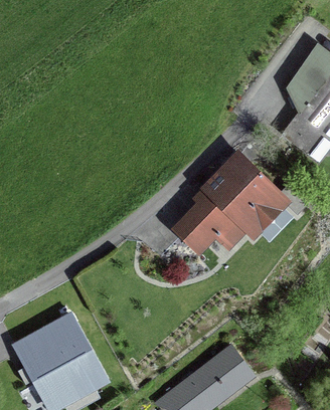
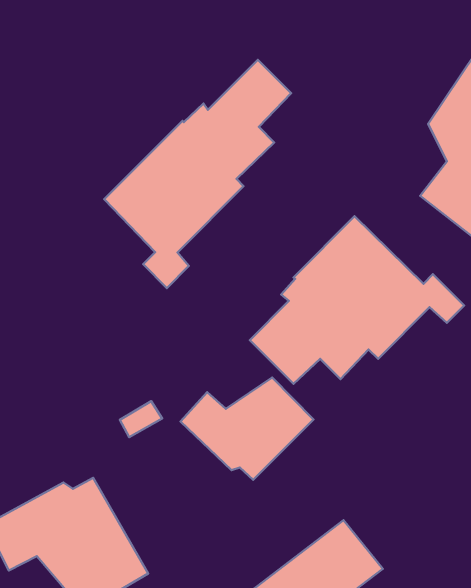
building: none -> [104,60,291,288]
building: none -> [180,378,313,480]

